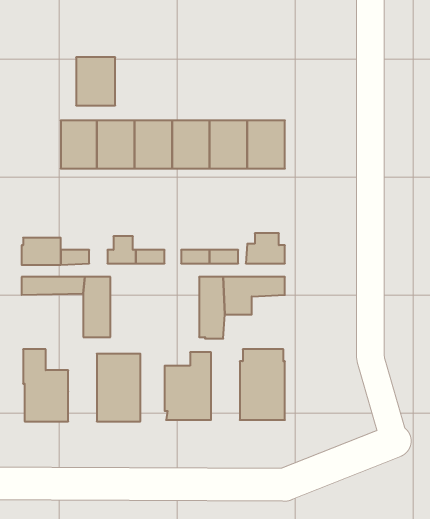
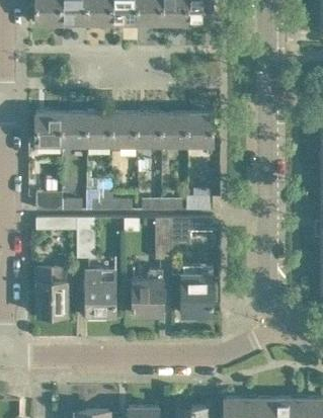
building: [76,57,115,105] -> [34,113,61,146]

